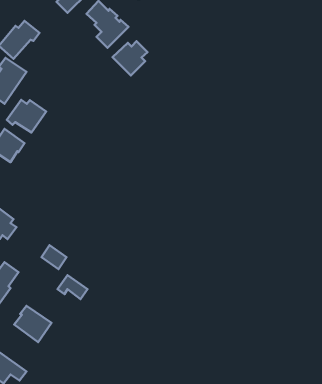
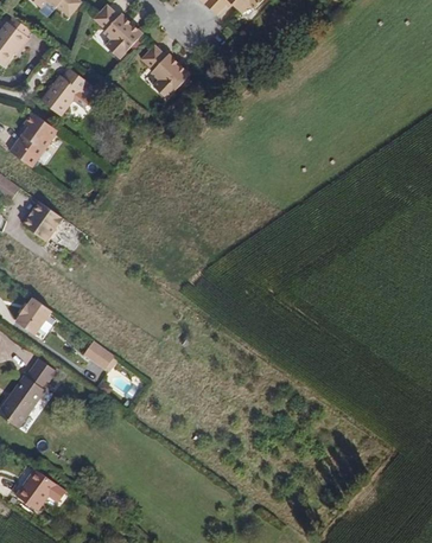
building: [112,41,147,75] -> none
building: [7,100,46,133] -> none
building: [14,306,51,342] -> none

